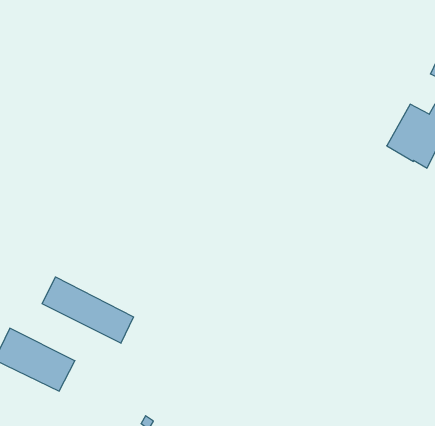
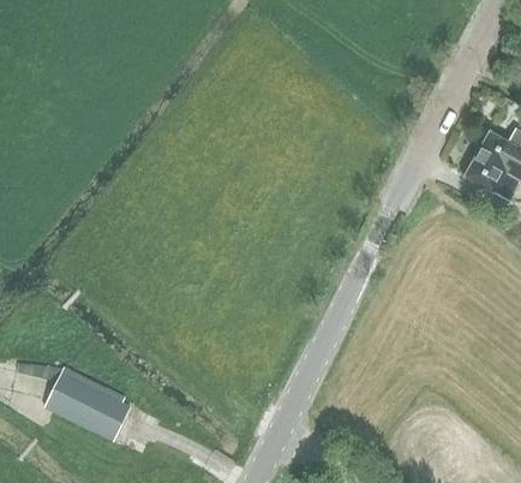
building: [42,277,133,343] -> none

